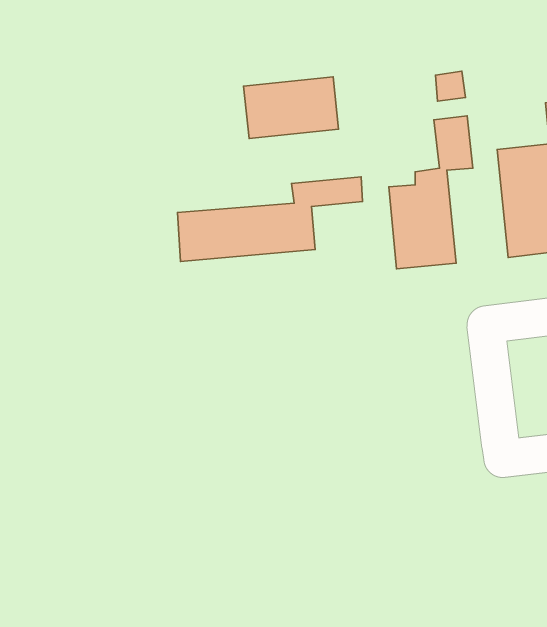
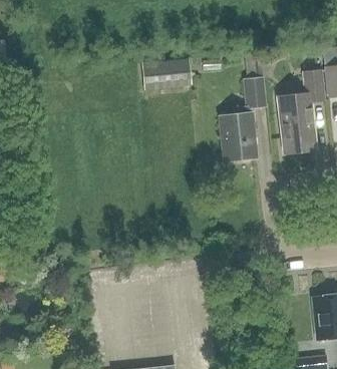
building: [178,177,363,262] -> none

